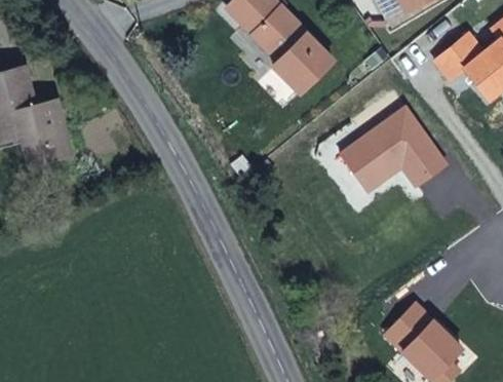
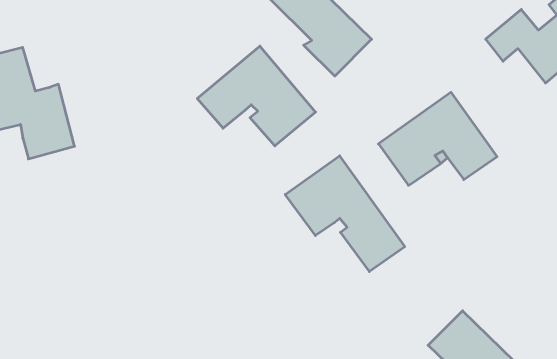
building: none -> [197,46,316,146]
building: none -> [285,156,405,272]

